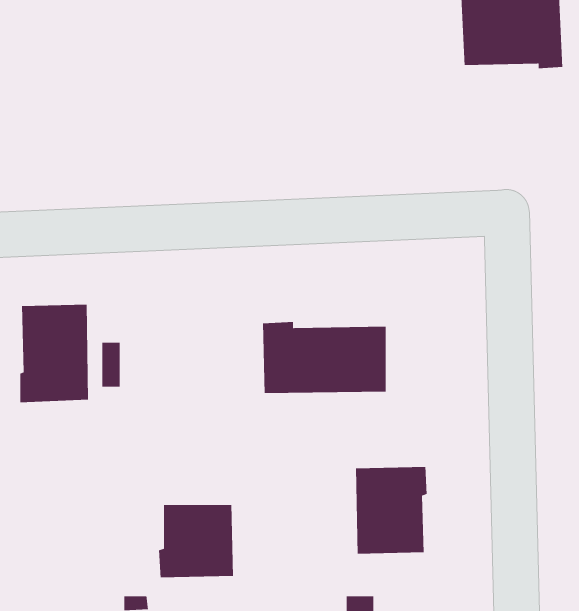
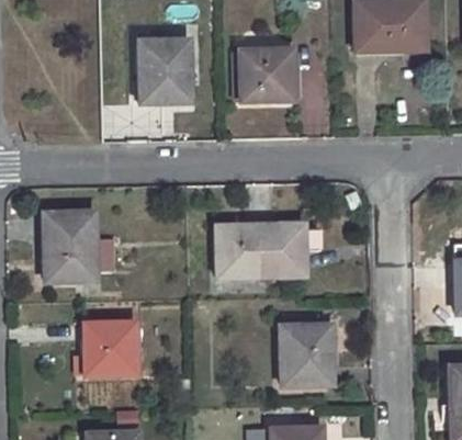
building: none -> [137,40,189,103]
building: none -> [239,49,292,103]
building: [158,504,234,578] -> [82,323,135,374]

